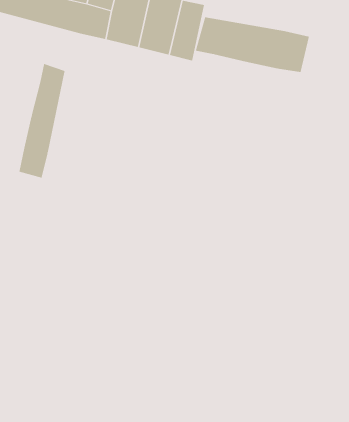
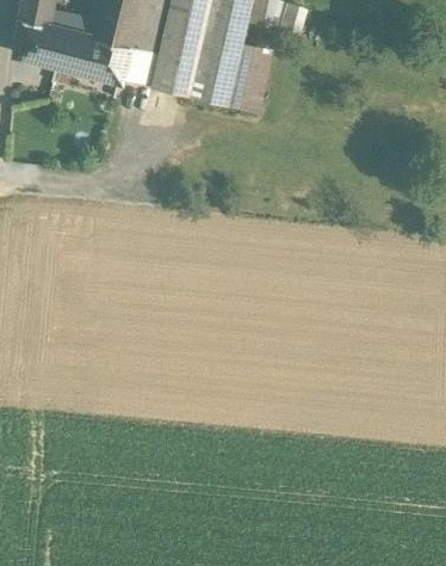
building: [195,17,309,73] -> none
building: [19,63,65,178] -> none

